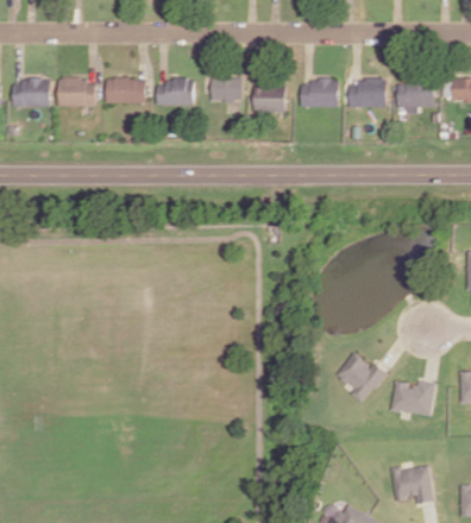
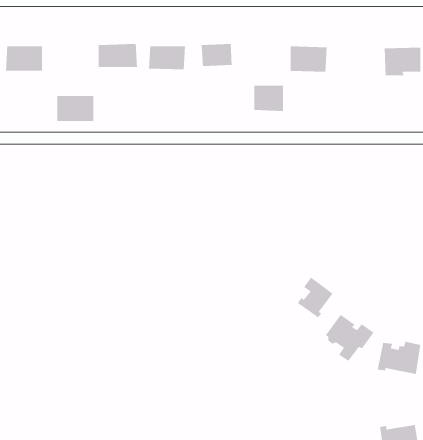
building: [58,80,96,107] -> [57,95,94,122]
building: [348,81,387,108] -> none
building: [255,86,285,113] -> [253,85,284,112]
building: none -> [297,276,334,319]

